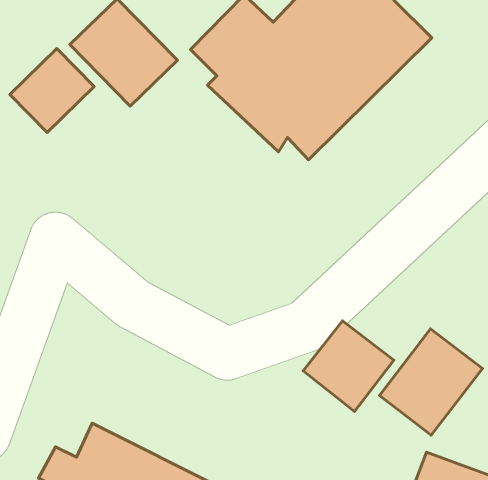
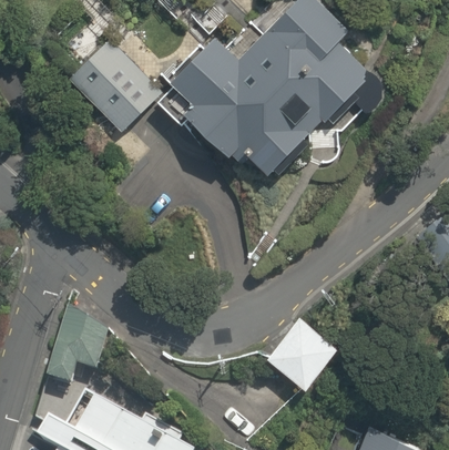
building: [10,48,94,133] -> none
building: [379,329,483,435] -> none

